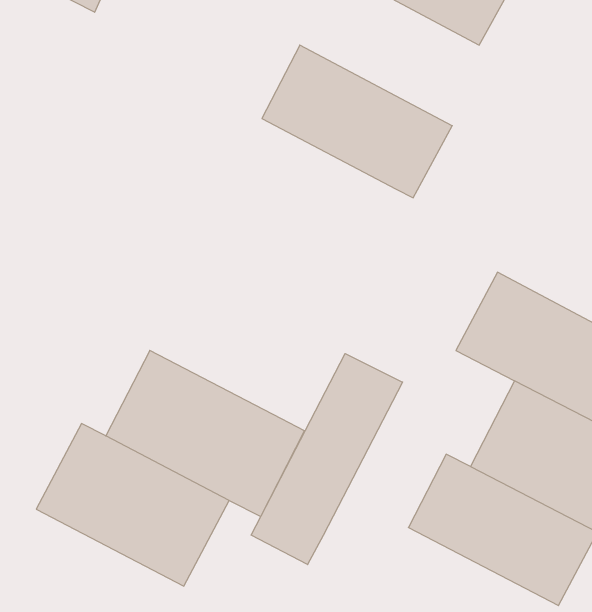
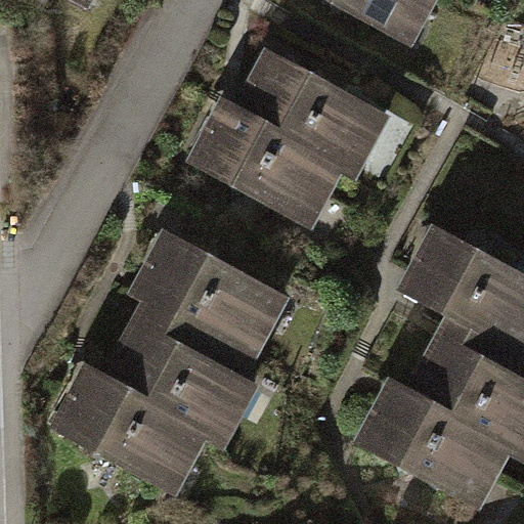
building: none -> [189,99,346,227]
building: none -> [125,227,283,357]
building: [251,354,403,565] -> none

